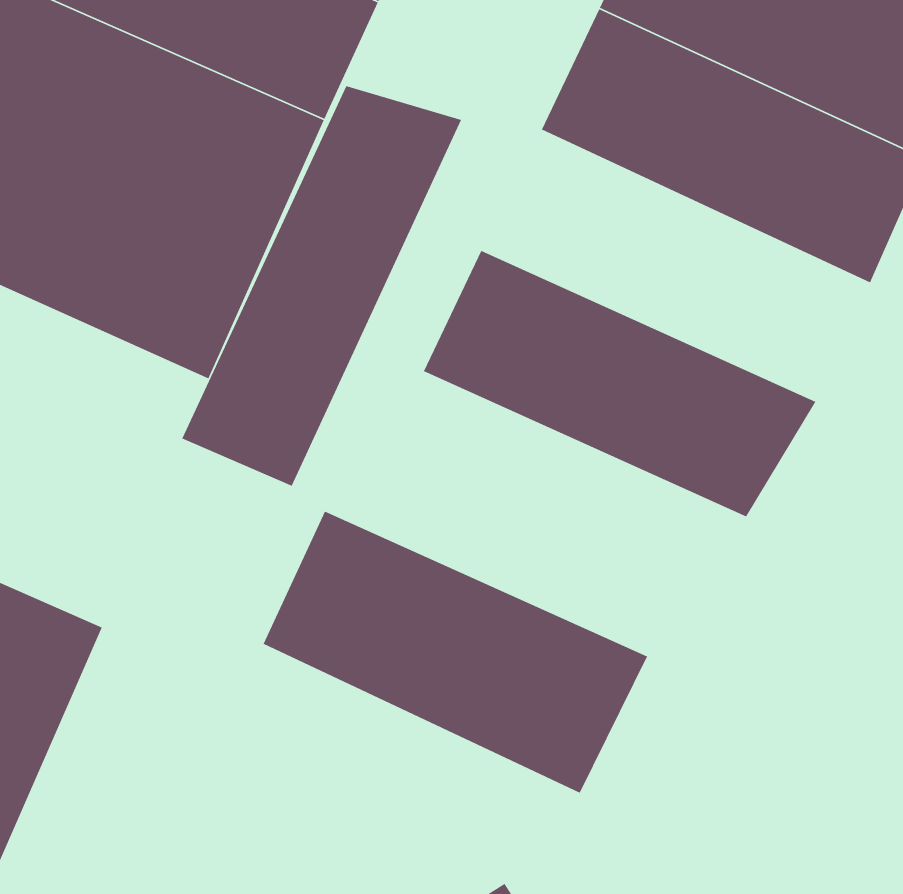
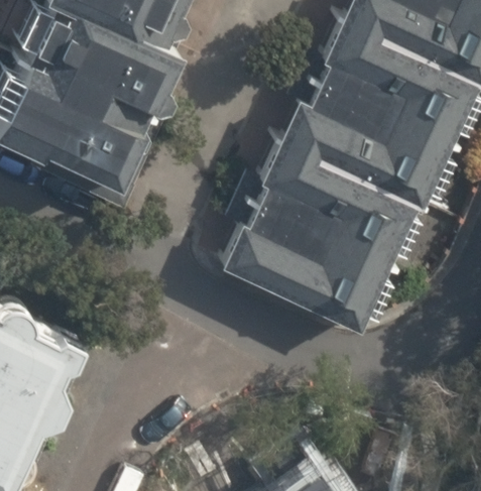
building: [181,85,462,487] -> none
building: none -> [263,70,460,207]
building: [262,510,648,794] -> [203,192,397,335]

